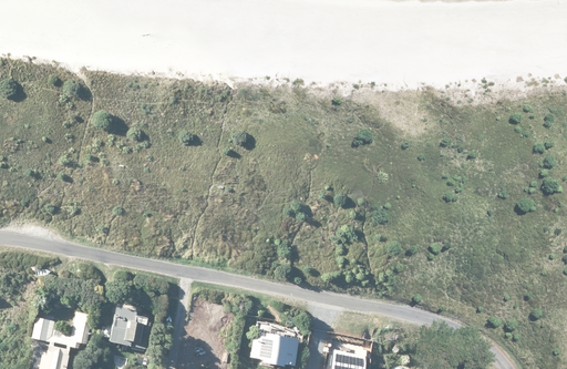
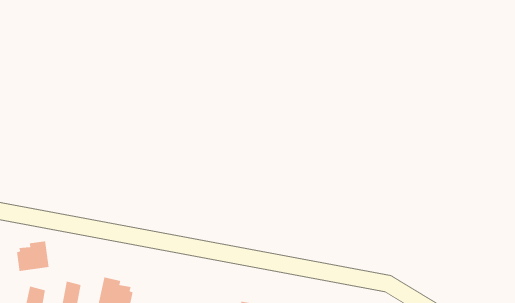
building: none -> [16,240,50,272]

